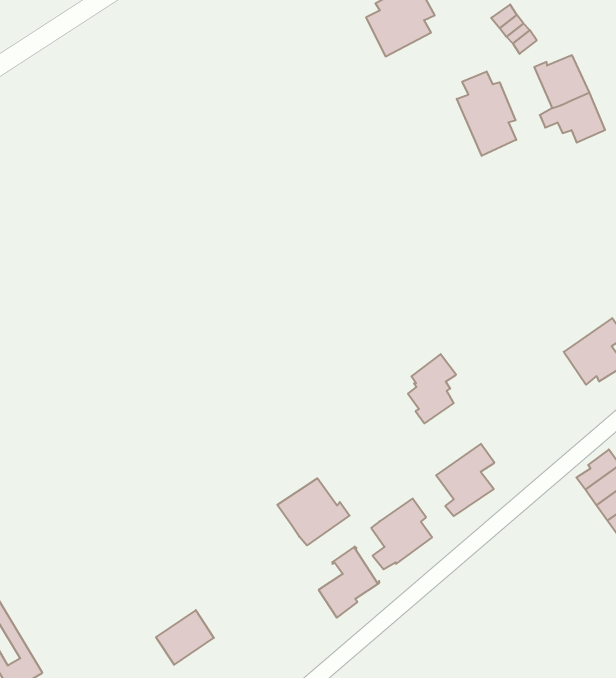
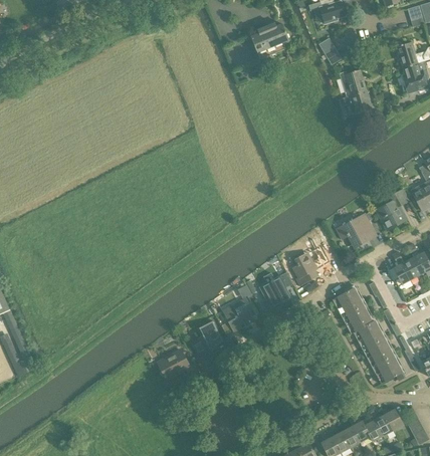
building: [457,71,516,156] -> none
building: [408,354,456,423] -> [293,249,320,285]
building: [277,478,350,545] -> none
building: [156,610,214,665] -> [158,351,189,379]

